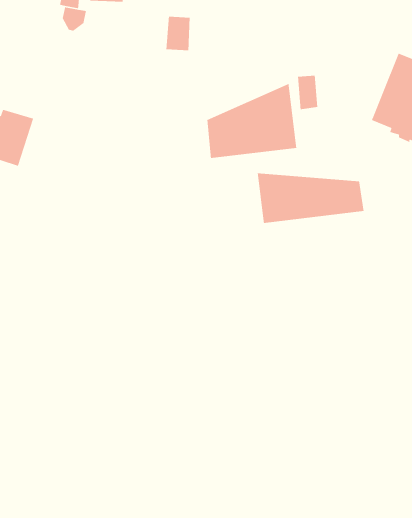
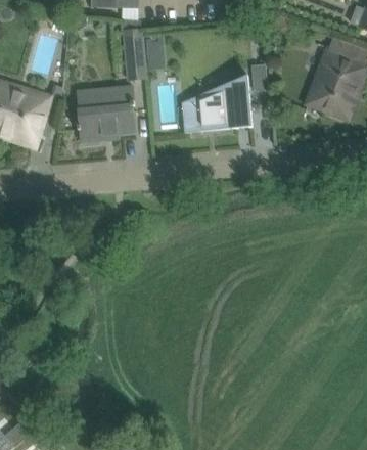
building: none -> [124,28,146,78]
building: none -> [78,88,134,142]
building: [257,172,365,224] -> none

